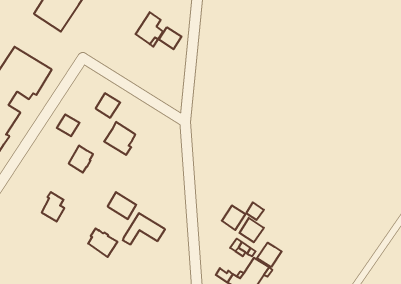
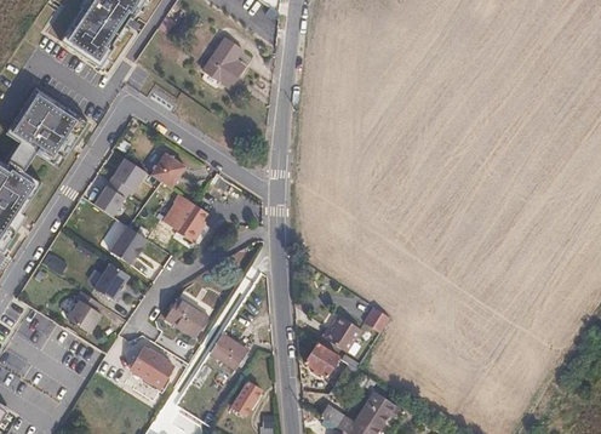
building: [159,27,181,49] -> none
building: none -> [110,156,145,190]
building: none -> [96,265,128,303]
building: [239,218,264,242] -> [305,341,340,376]
building: [257,243,282,267] -> none
building: none -> [233,378,264,415]

